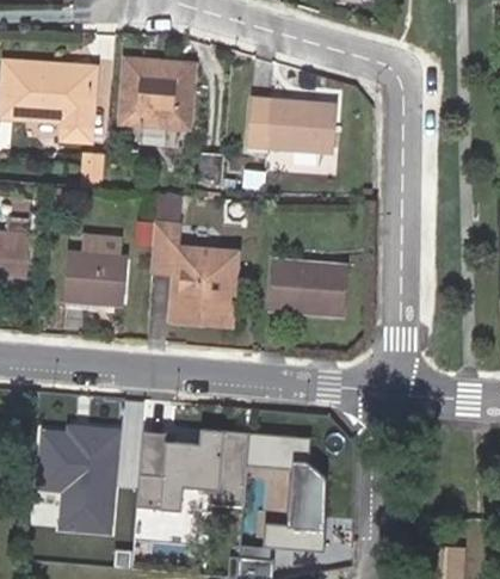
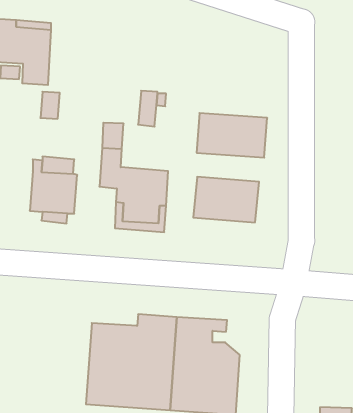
building: [121,58,193,129] -> none
building: [248,98,335,153] -> [197,113,267,158]
building: [36,419,122,535] -> none

